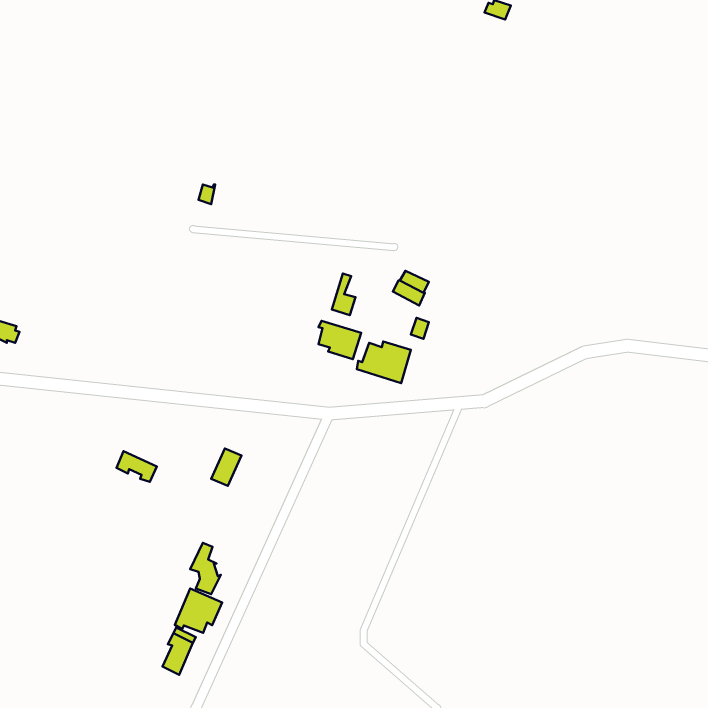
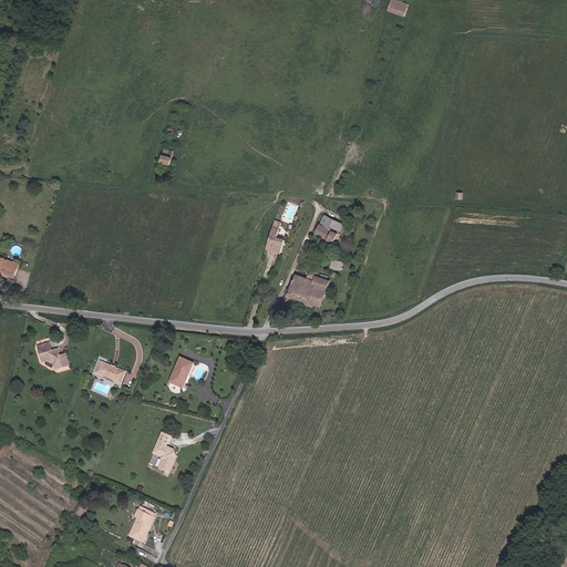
building: [318,321,361,359] -> none
building: none -> [35,341,70,371]
building: [175,588,222,633] -> none

